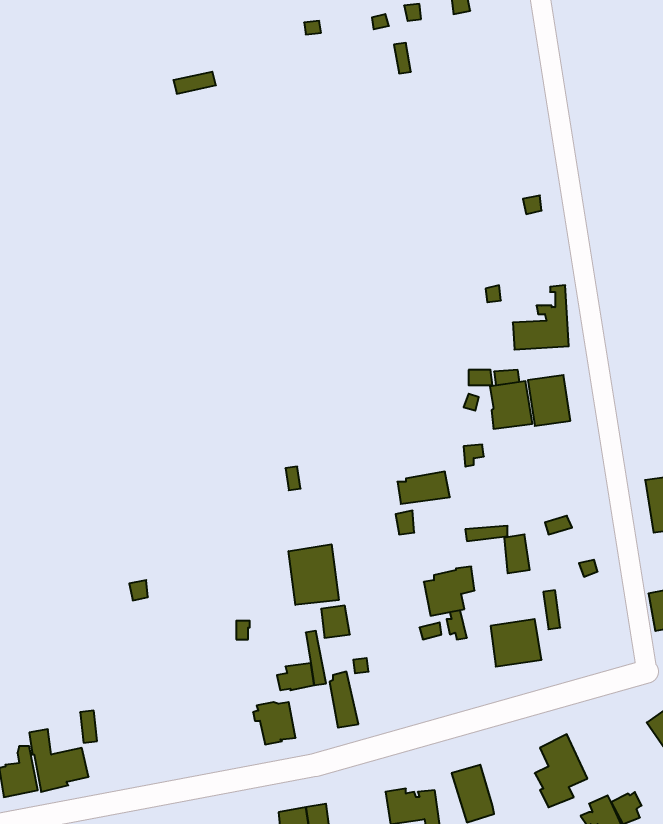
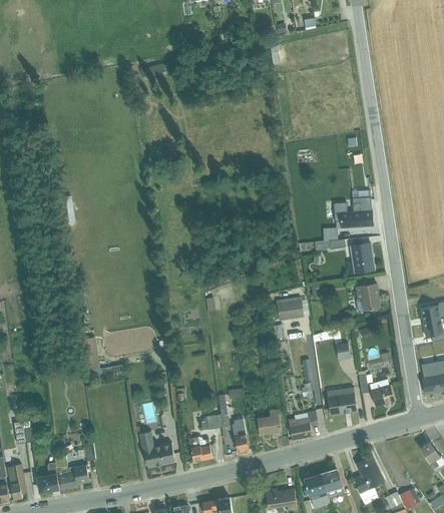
building: [490,381,532,429] -> [355,283,380,311]
building: [289,544,339,605] -> none
building: [424,567,475,616] -> [288,410,318,439]
building: none -> [369,379,394,405]
building: none -> [257,408,282,438]
building: none -> [138,430,175,467]
building: none -> [321,469,344,497]

